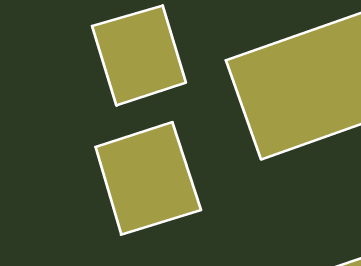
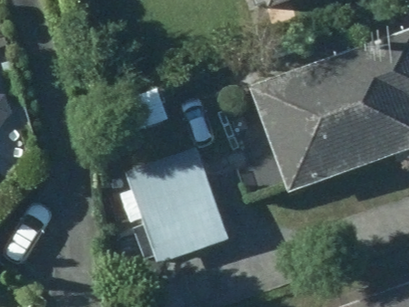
building: [92,5,186,106] -> none

